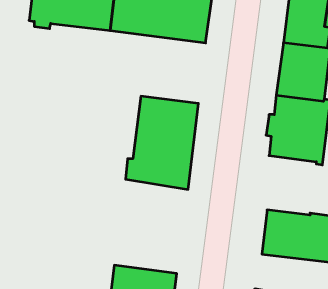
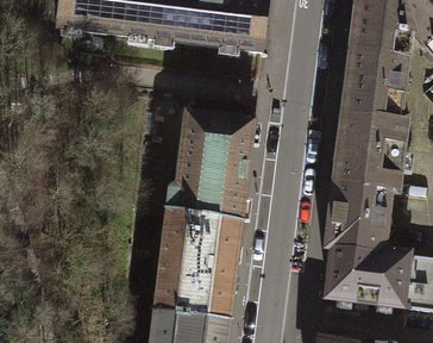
building: none -> [327,182,390,251]
building: none -> [156,210,241,319]

